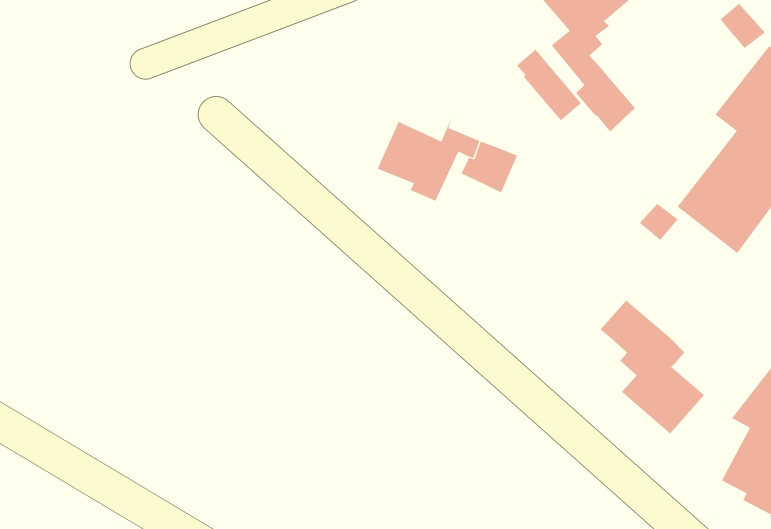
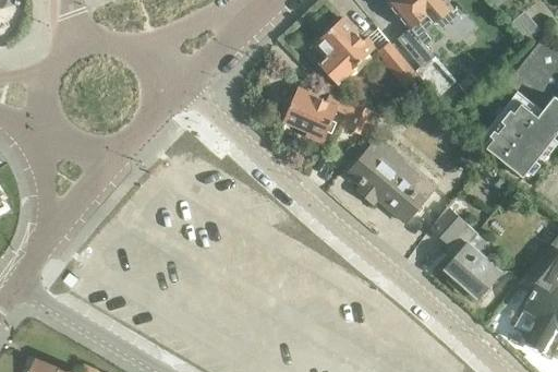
building: none -> [314,17,378,84]
building: none -> [351,135,436,221]

